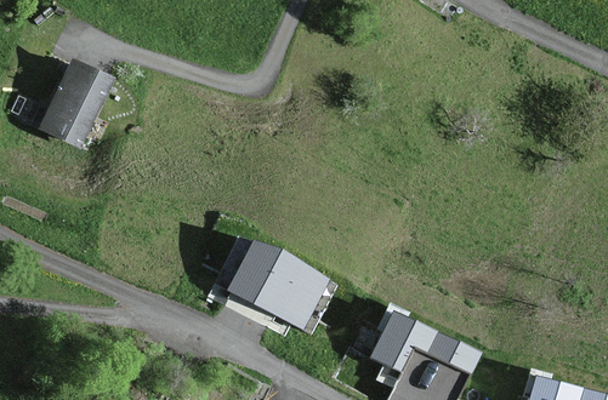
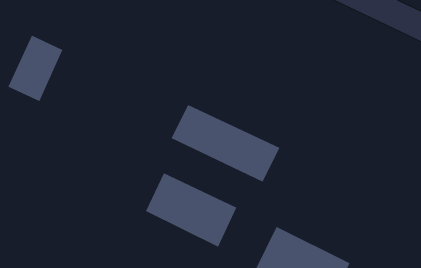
building: none -> [171,104,280,182]

